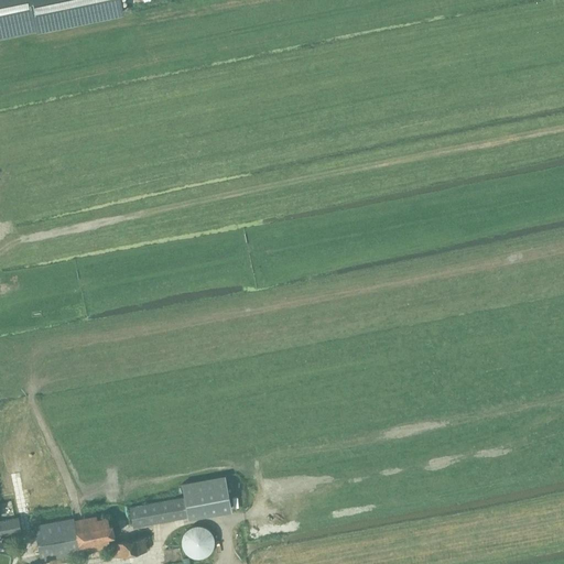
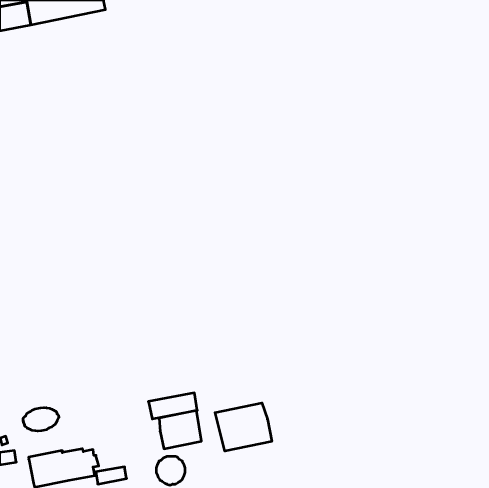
building: none -> [215,403,272,451]
building: none -> [23,408,59,431]
building: [128,499,184,529] -> [148,393,197,419]

